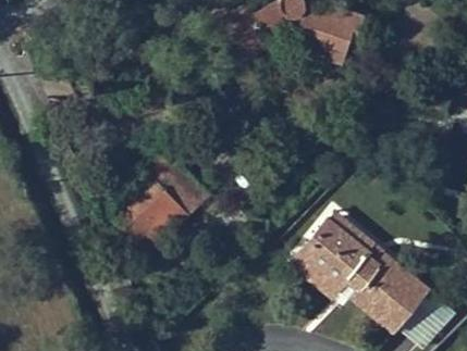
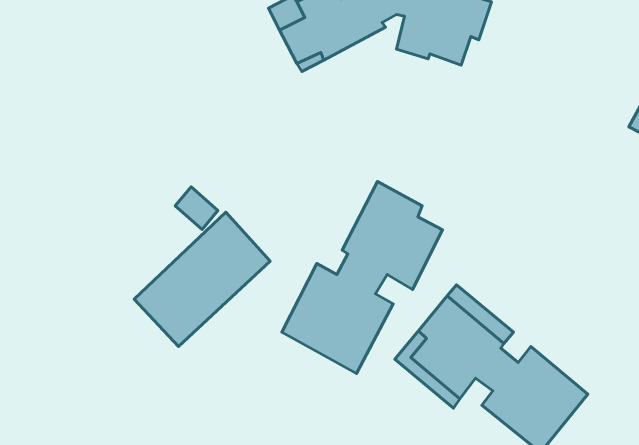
building: none -> [282,181,443,373]

